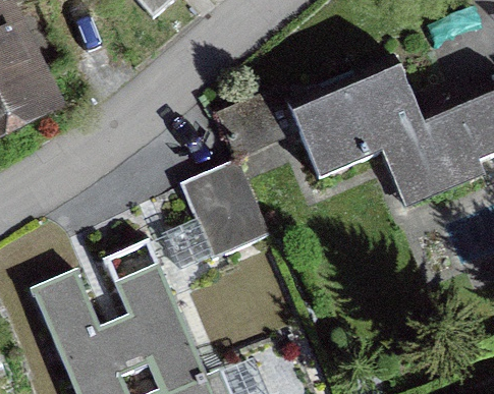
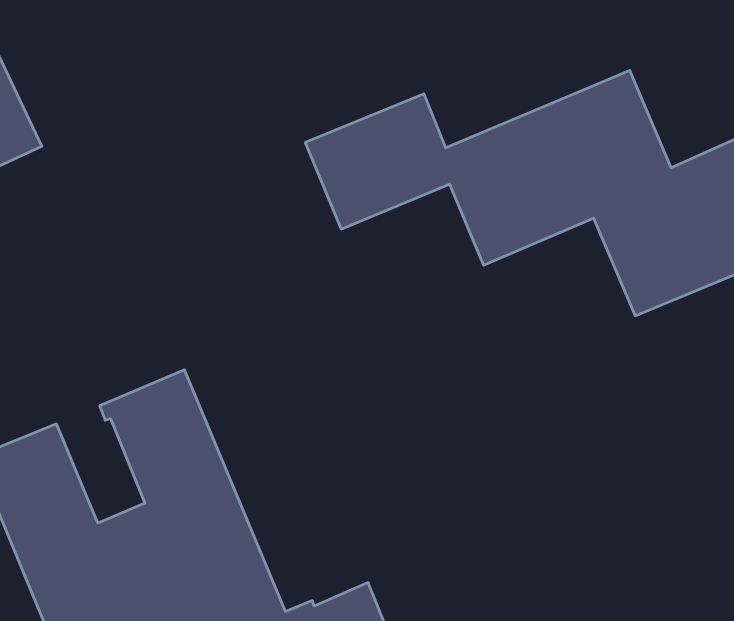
building: [161,156,269,268] -> none

